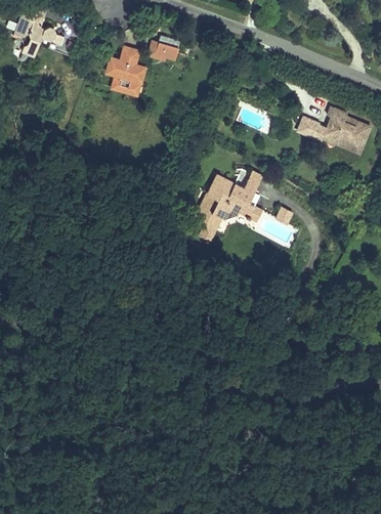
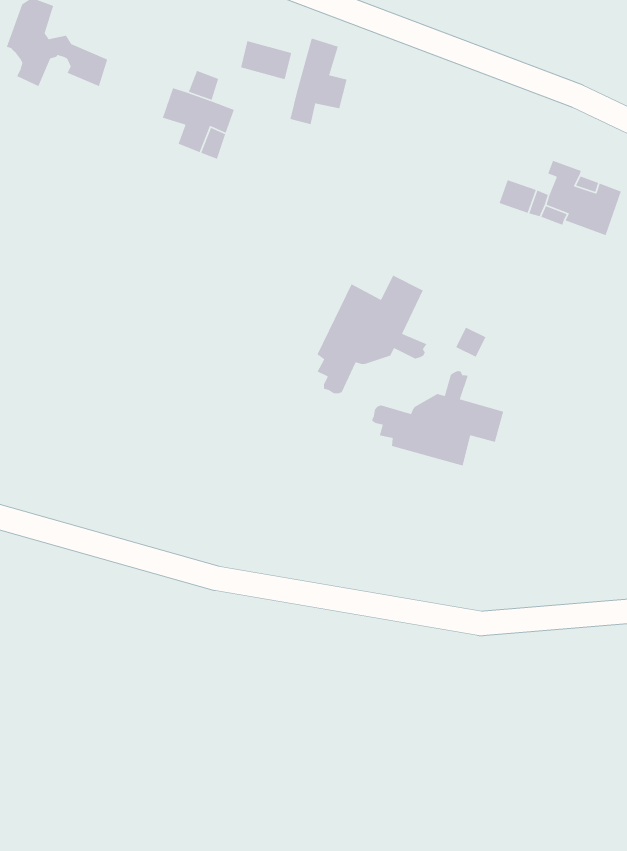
building: none -> [289,38,347,125]
building: none -> [371,370,504,467]

